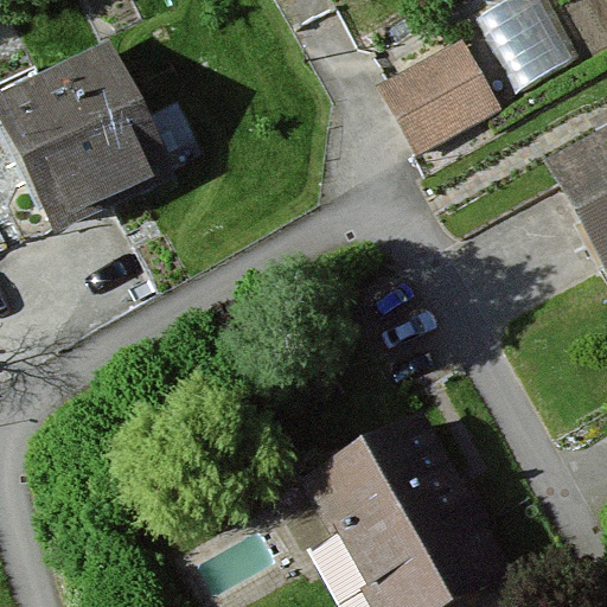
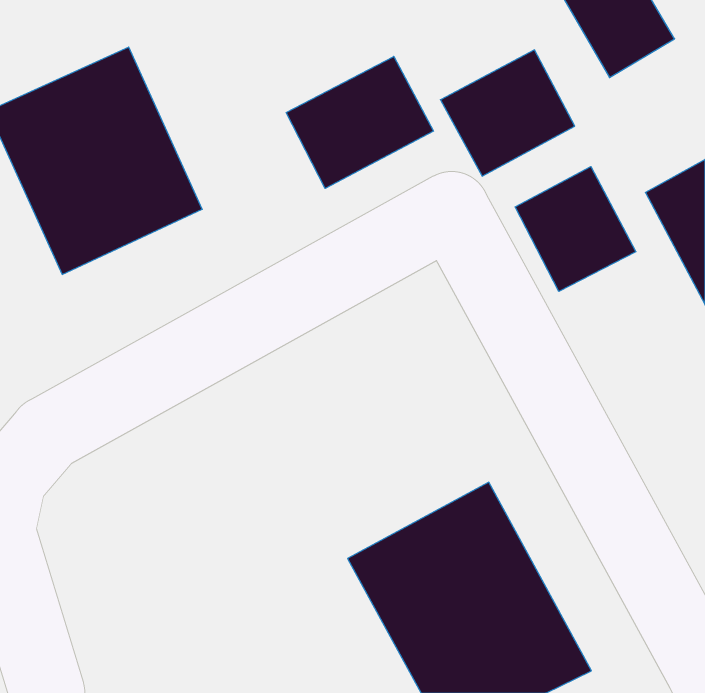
building: none -> [286,56,433,188]
building: none -> [515,167,636,291]

